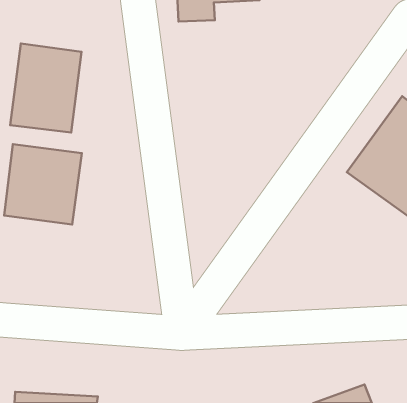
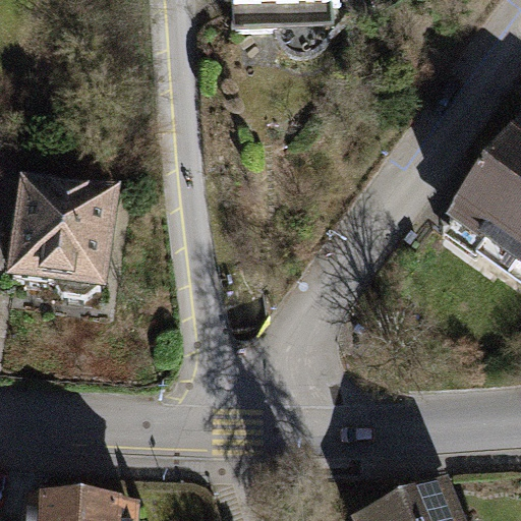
building: [10,44,82,133] -> none

